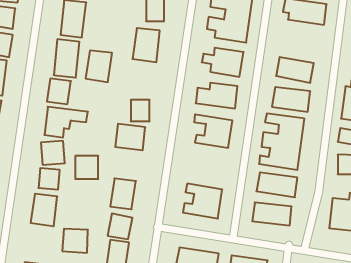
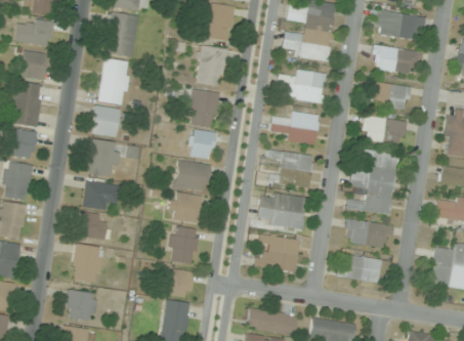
building: none -> [371,44,419,75]
building: [86,50,112,82] -> [187,89,219,127]
building: none -> [256,193,307,229]
building: [75,156,98,179] -> [172,195,200,222]
building: [62,229,88,253] -> [66,291,96,319]

